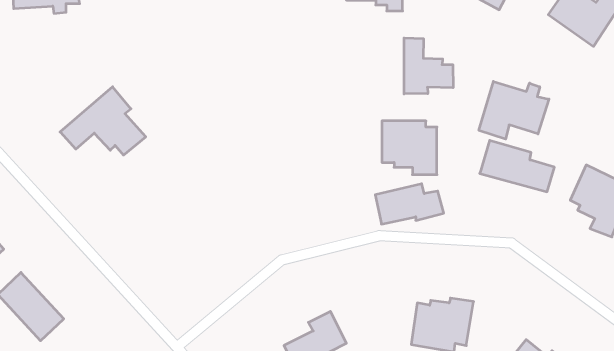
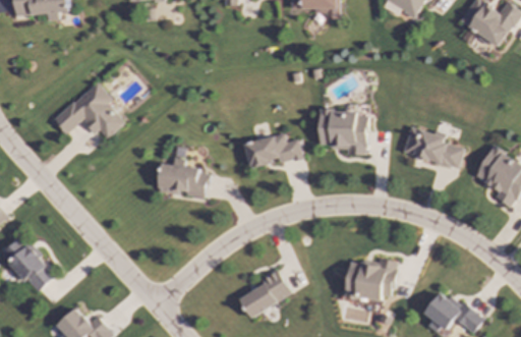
building: [404,38,453,94] -> none
building: [479,81,549,139] -> none
building: none -> [159,158,208,198]
building: [375,184,444,224] -> [245,133,302,167]

